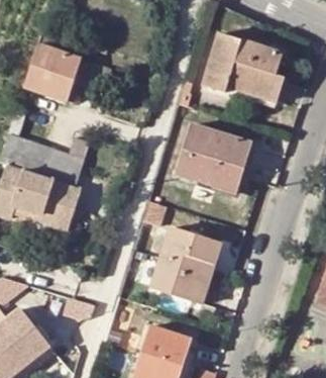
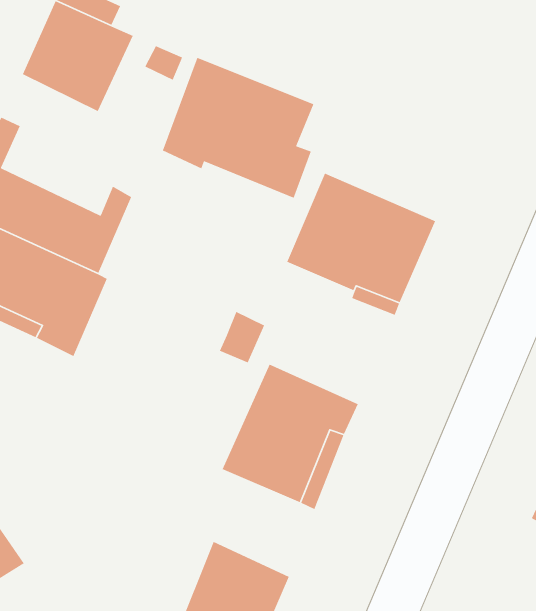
building: [204,33,284,104] -> [162,57,314,199]

